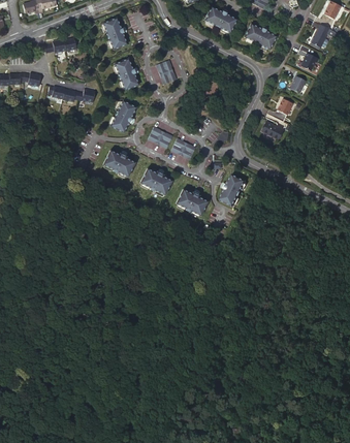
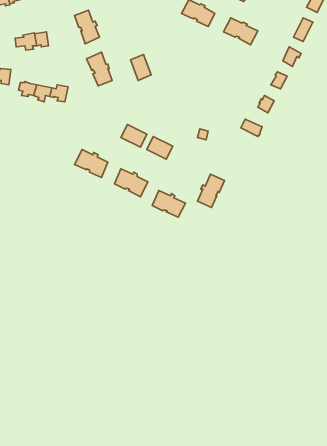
building: [109,100,135,132] -> none

